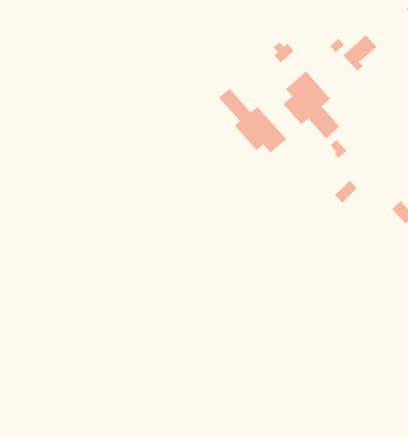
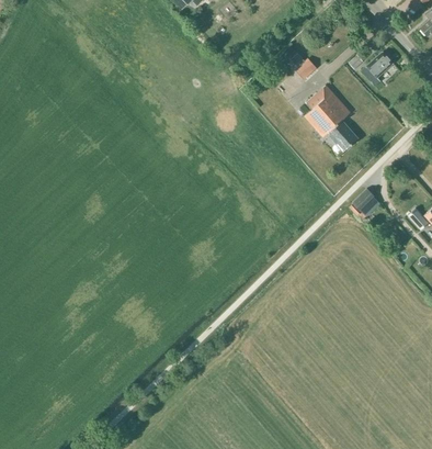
building: [218,88,287,153] -> none

